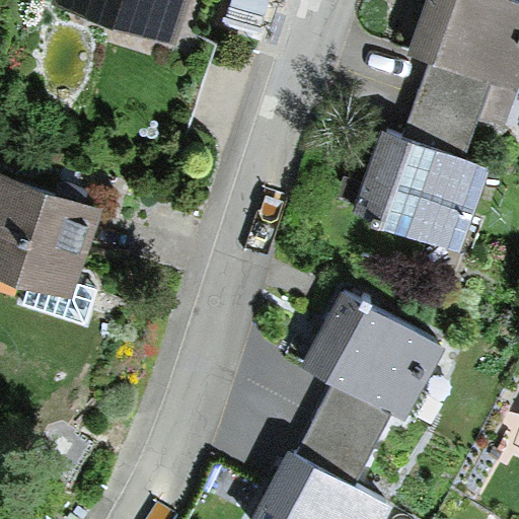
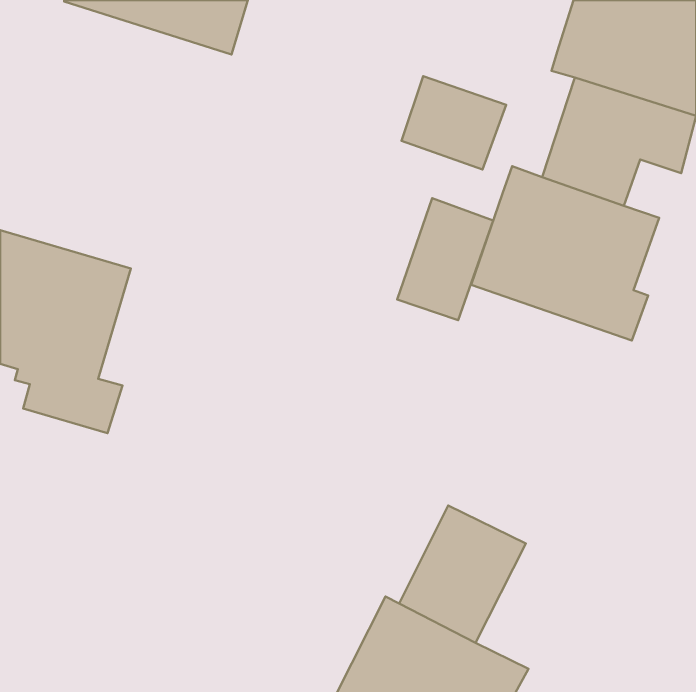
building: none -> [401,76,506,170]
building: none -> [397,198,493,320]
building: [304,291,446,417] -> none

